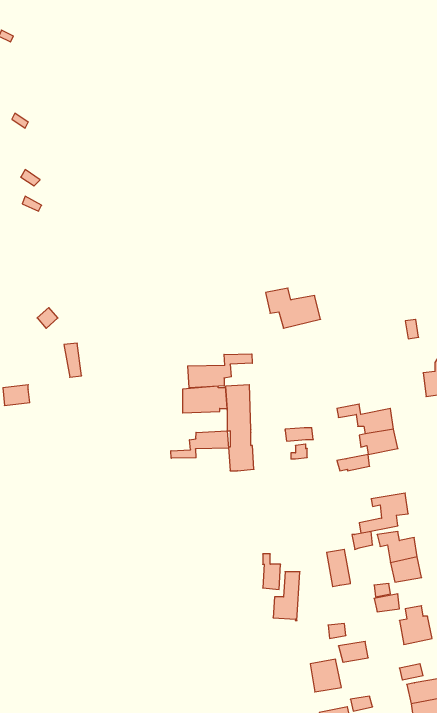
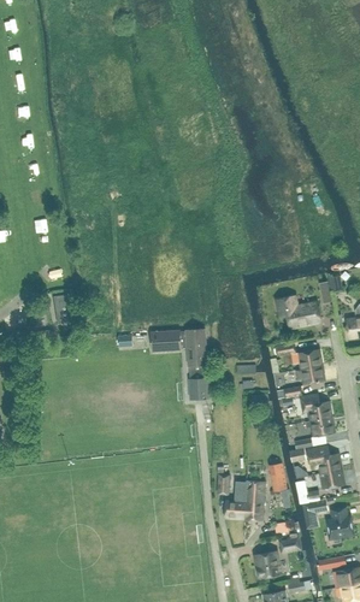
building: [266,288,321,328] -> [276,296,320,329]
building: [188,354,252,388] -> none
building: [171,431,228,458] -> none
building: none -> [300,395,331,421]
building: none -> [243,480,265,521]

